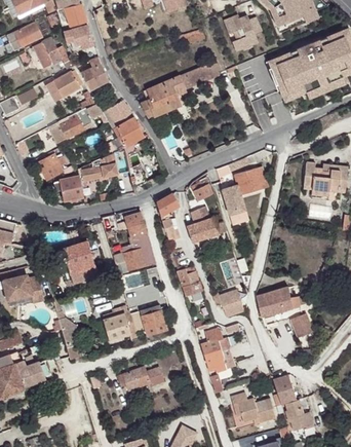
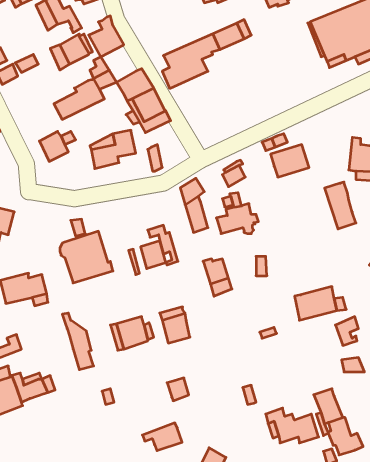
building: [58,177,83,201] -> none
building: [221,185,247,225] -> [325,182,356,229]
building: [123,212,146,239] -> none
building: [212,288,242,316] -> none
building: [201,328,233,371] -> none
building: [116,366,150,389] -> [142,423,182,451]

